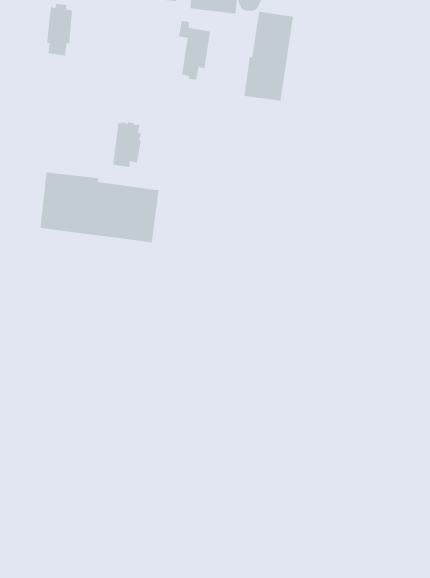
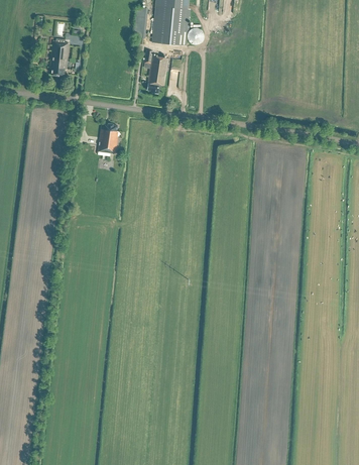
building: [243,11,294,101] -> none
building: [39,171,159,243] -> none

